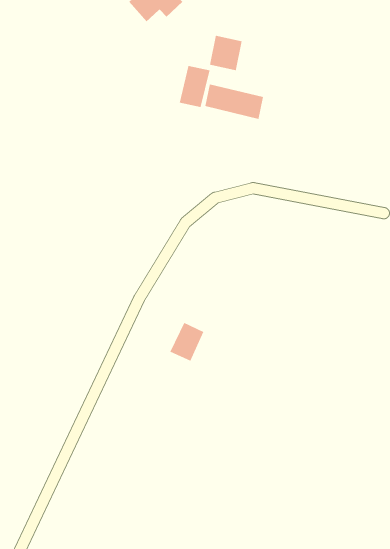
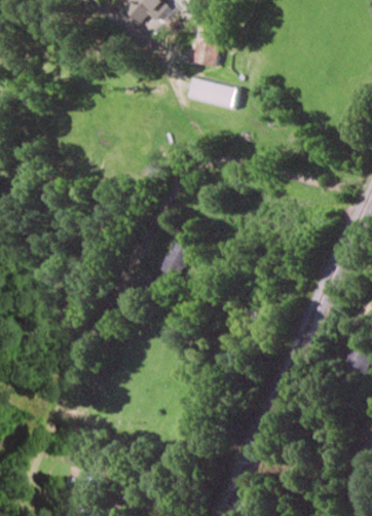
building: [179,65,210,108] -> none
building: [170,322,204,361] -> [159,243,189,277]

